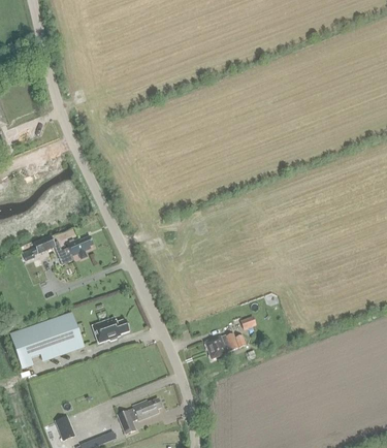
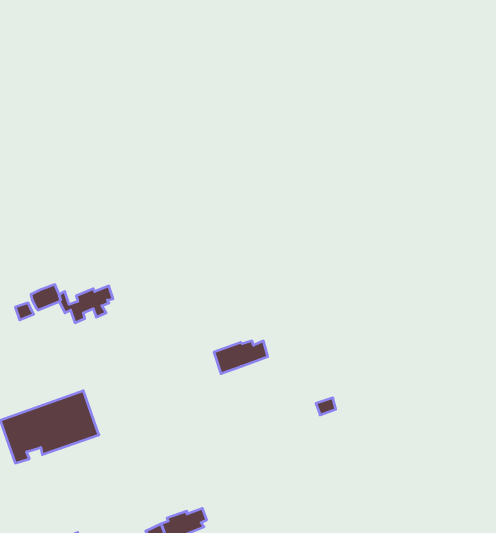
building: [92,317,129,343] -> none
building: [205,334,245,358] -> [214,341,268,374]

